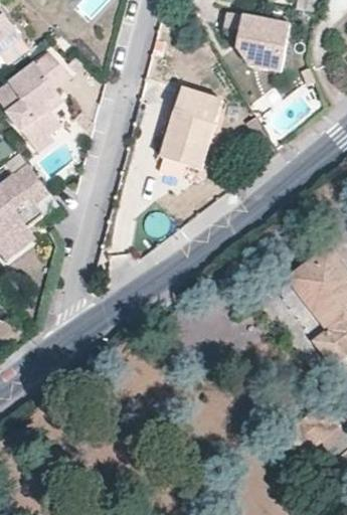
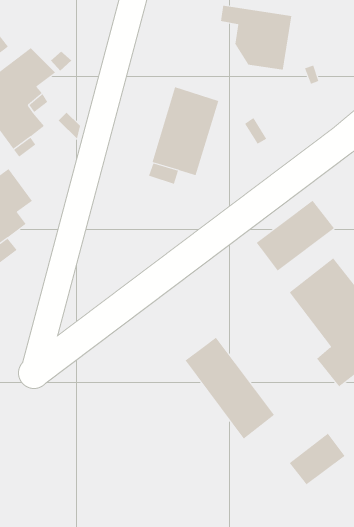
building: none -> [256,200,335,272]
building: none -> [184,337,275,439]

